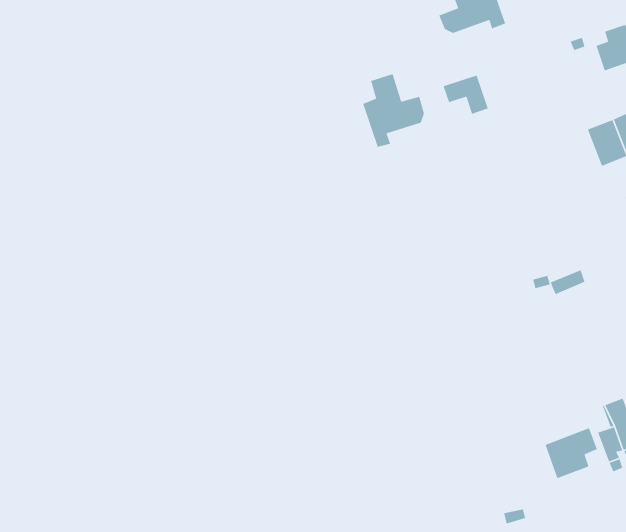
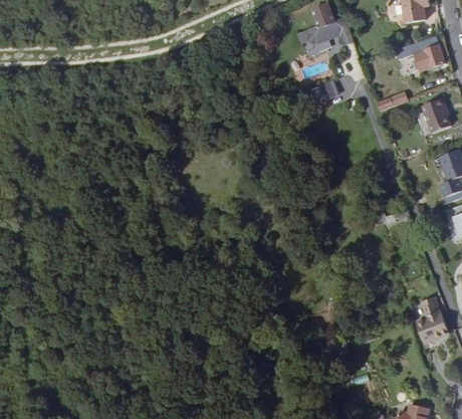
building: [362,73,425,148] -> none
building: [544,427,598,479] -> none

